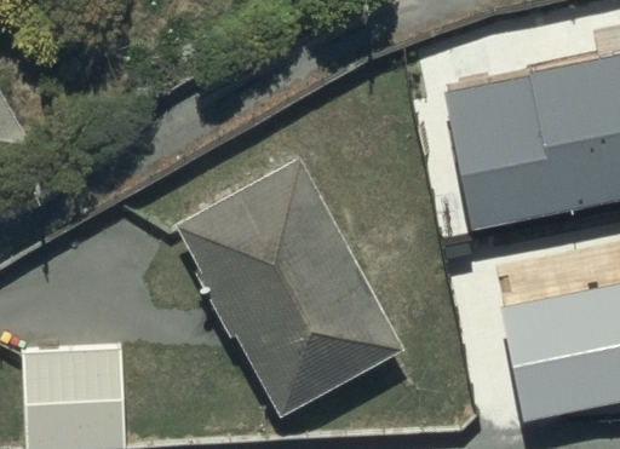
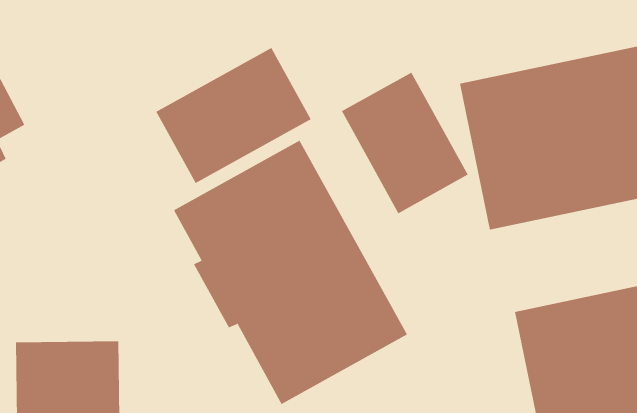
building: none -> [156,47,311,184]
building: none -> [341,72,469,214]

